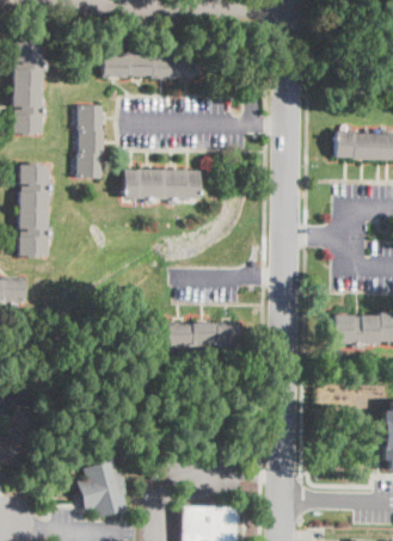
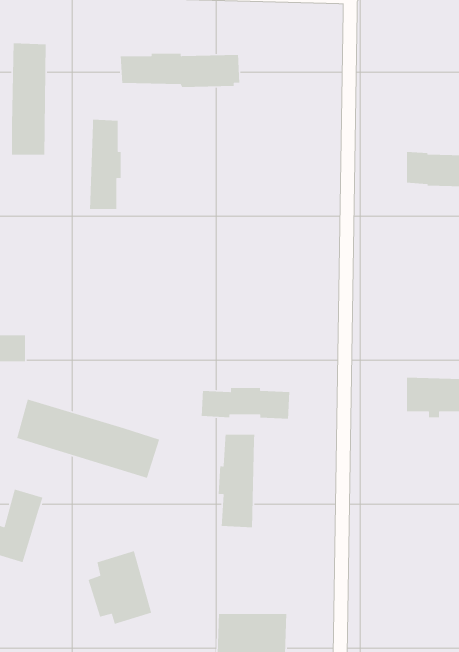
building: [19,165,51,256] -> none
building: [121,168,197,198] -> none
building: none -> [16,399,160,479]
building: none -> [218,434,255,528]

